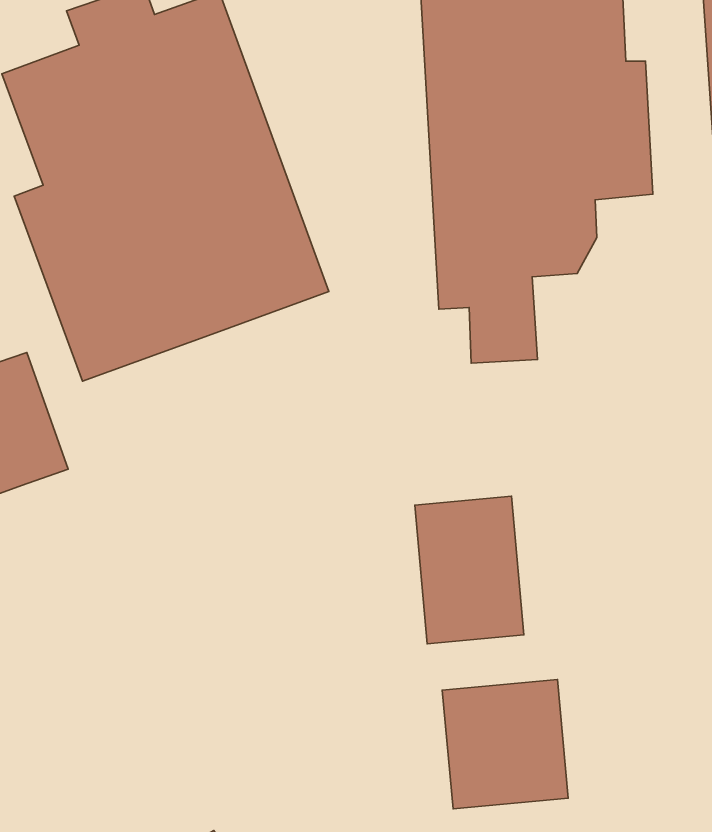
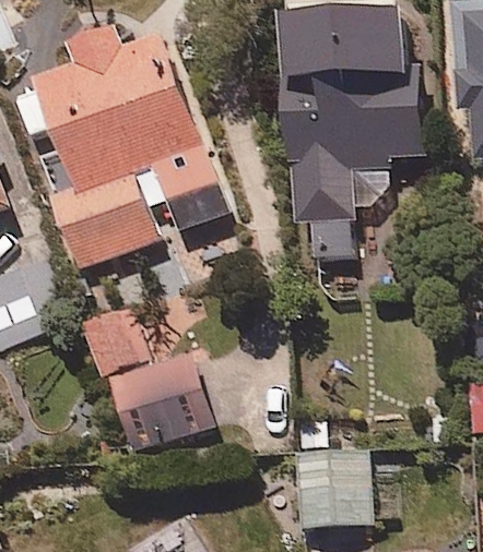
building: none -> [80,302,213,452]
building: [415,496,524,644] -> none

